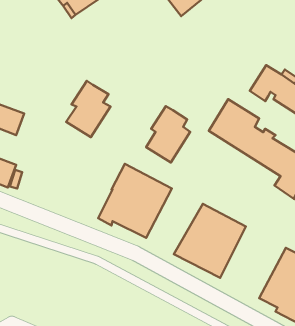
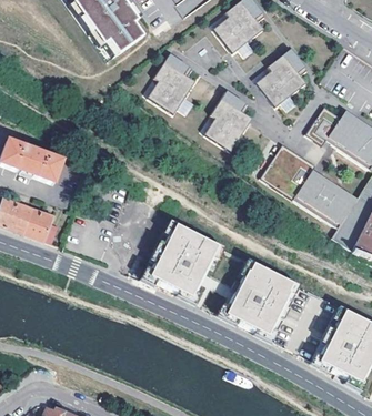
building: none -> [255,48,308,106]
building: [66,81,110,137] -> [148,54,195,115]
building: [146,106,190,163] -> [205,91,253,152]

